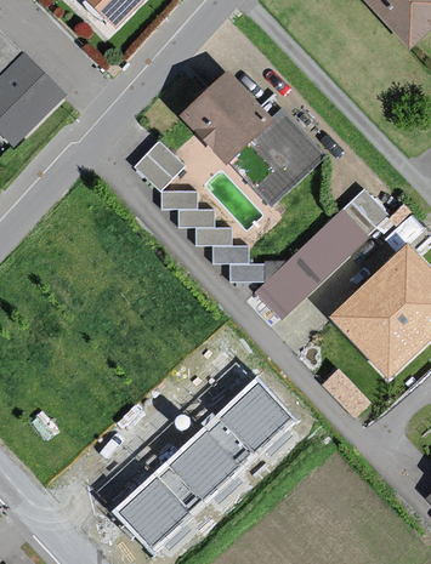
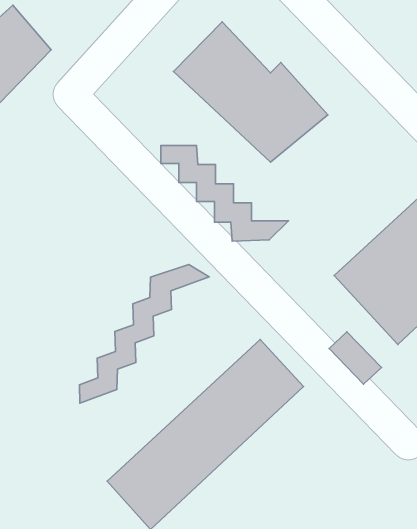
building: [137,139,189,190] -> none
building: [259,186,393,317] -> none
building: none -> [79,264,209,403]

